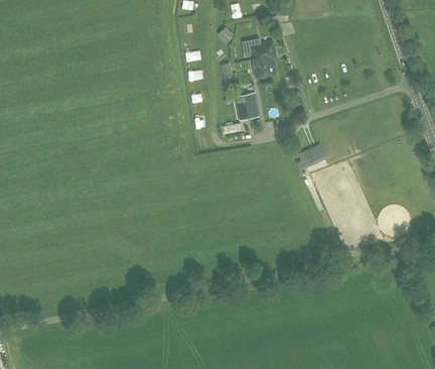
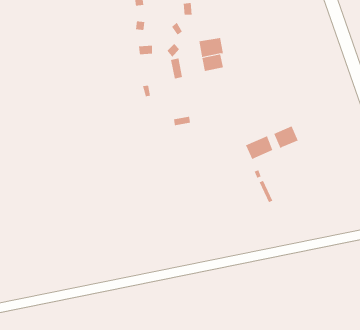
building: [236,93,260,119] -> none
building: none -> [274,125,299,149]

